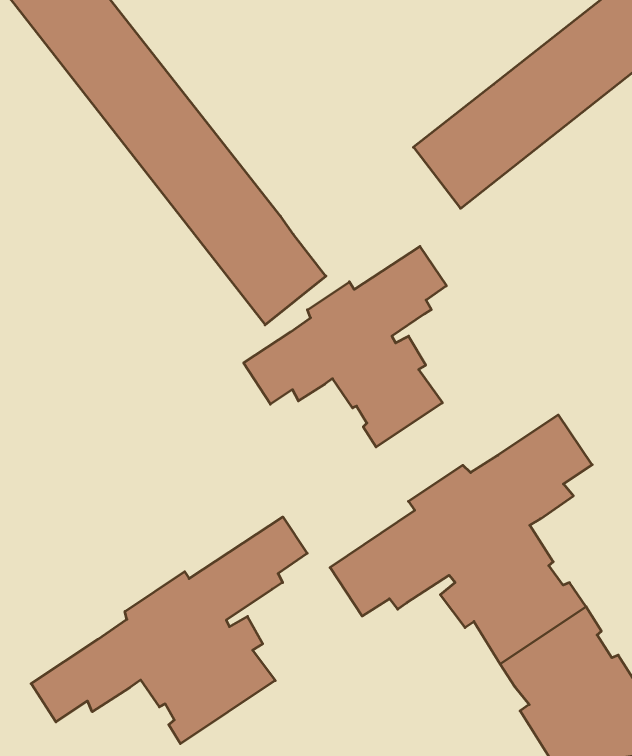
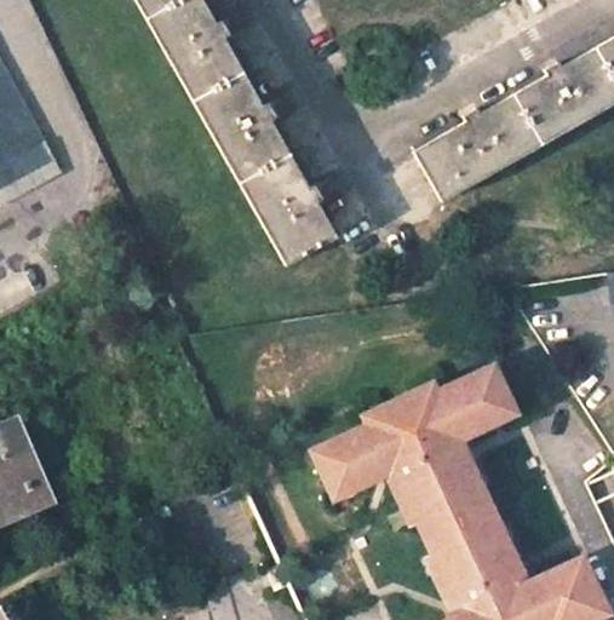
building: [244,246,446,447] -> none
building: [31,517,307,744] -> none

